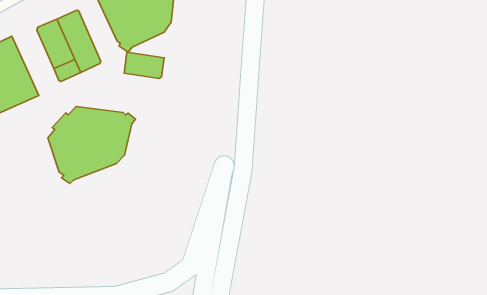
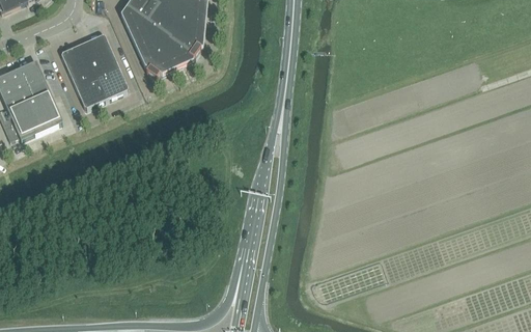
building: [124,52,164,79] -> none
building: [48,106,136,184] -> none

